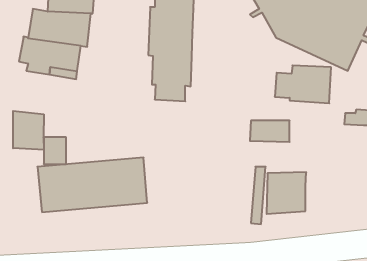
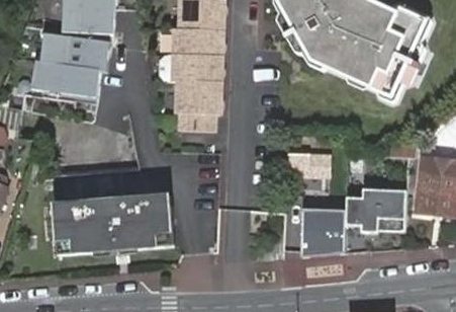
building: [275,65,331,103] -> [344,190,405,232]
building: [13,111,44,150] -> none

